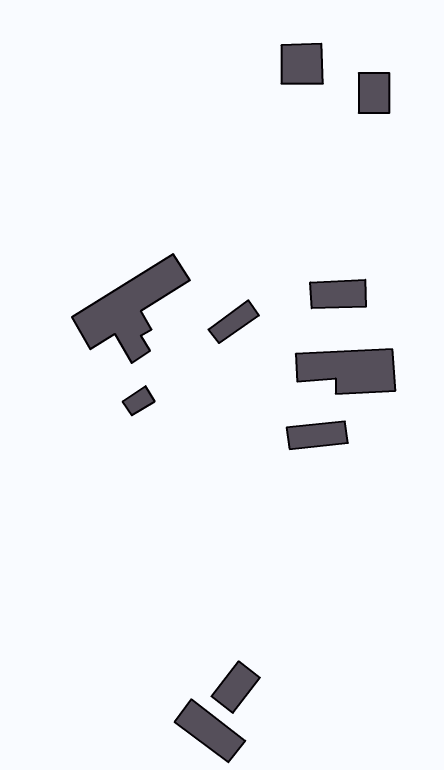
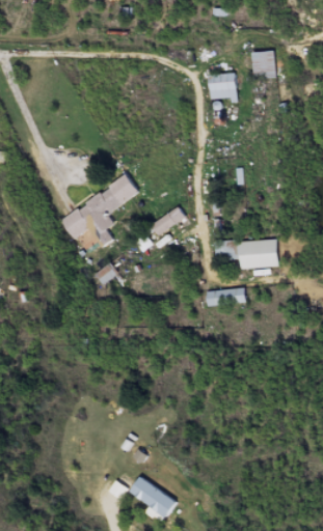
building: [281,44,323,84] -> [209,74,237,101]
building: [310,280,366,308] -> none
building: [211,661,260,713] -> none

